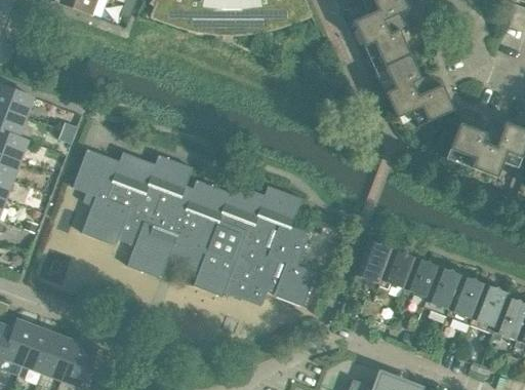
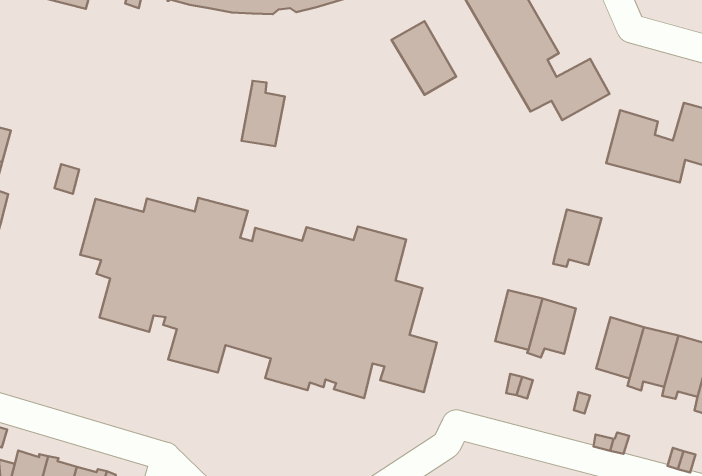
building: none -> [391,21,456,95]
building: none -> [242,81,285,146]
building: [402,258,439,298] -> [553,210,602,267]

